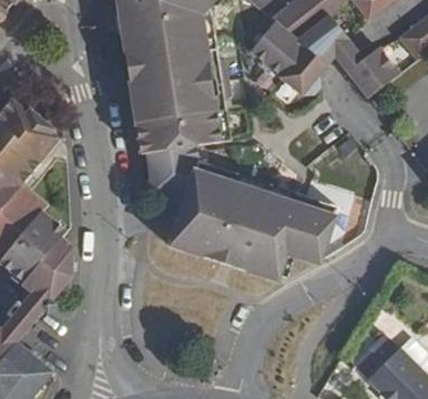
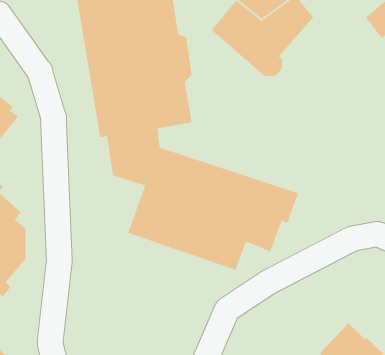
building: [345,44,396,95] -> none

